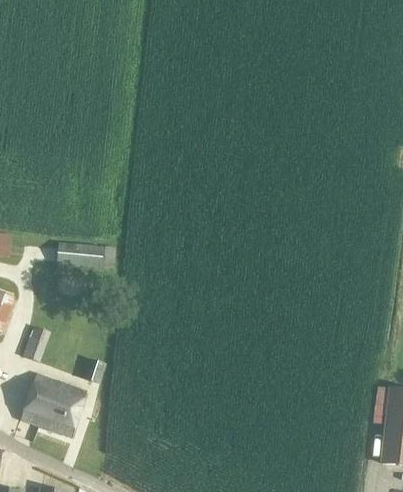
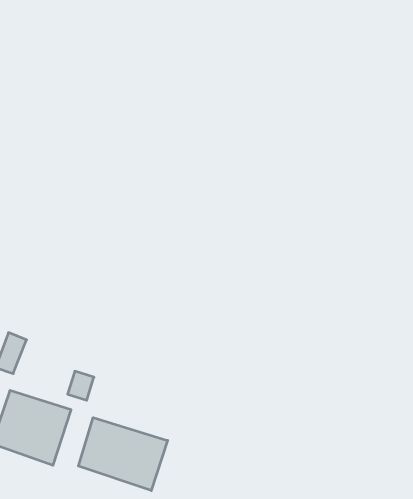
building: [57,243,103,267] -> none
building: none -> [78,418,168,491]

